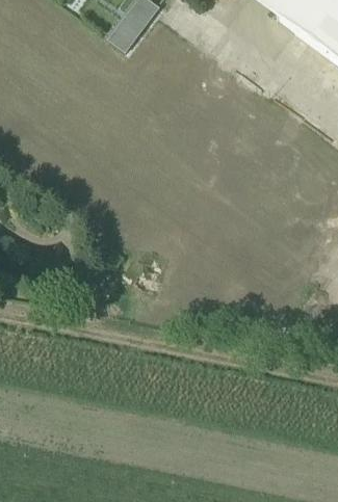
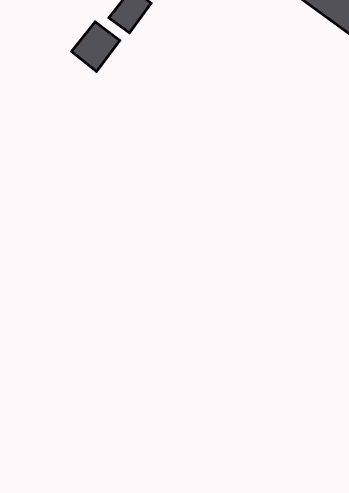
building: none -> [71,22,120,72]

